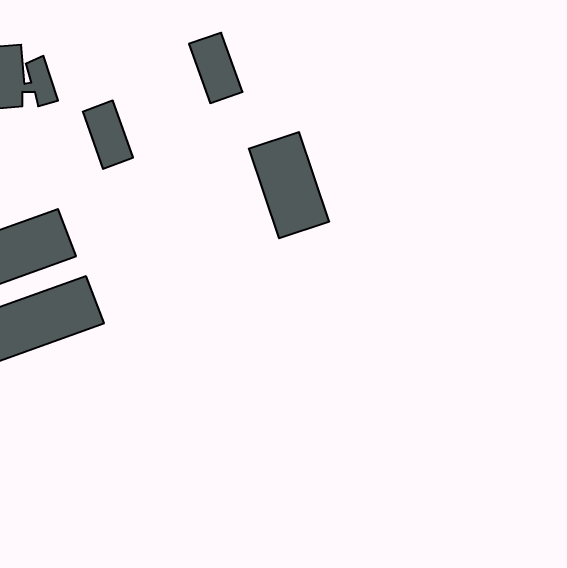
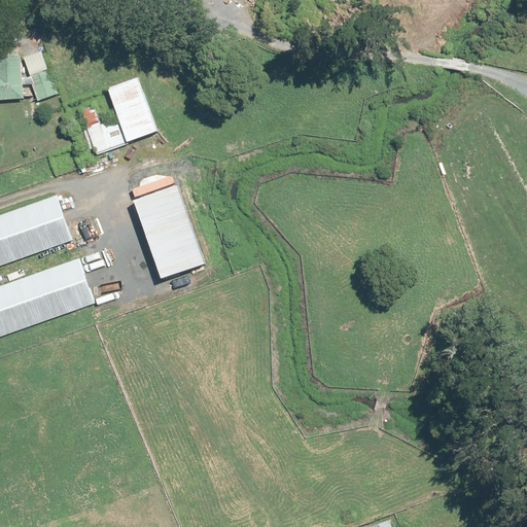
building: [189,33,243,103] -> [107,81,156,146]
building: [249,132,329,238] -> [132,184,206,282]

